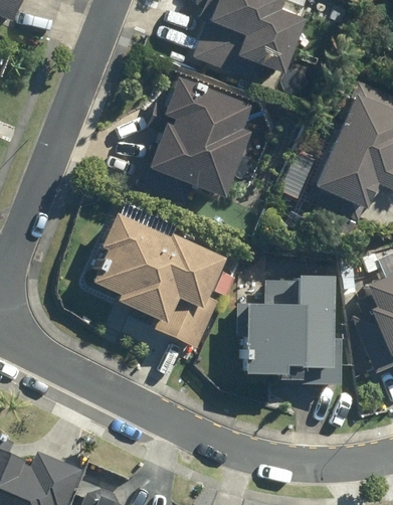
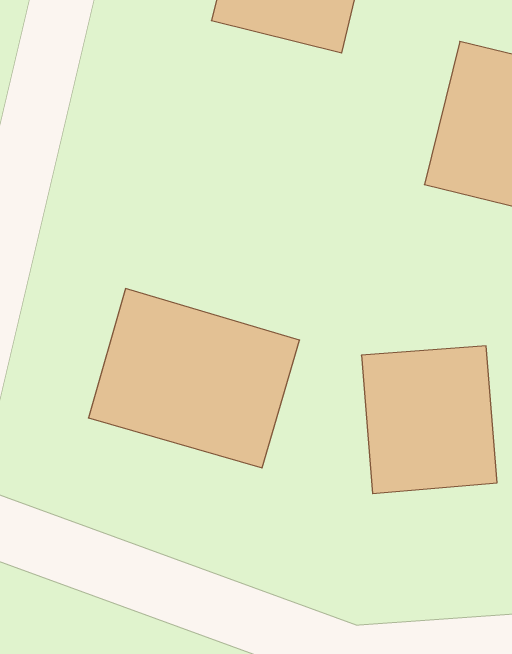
building: [156,79,267,193] -> none

